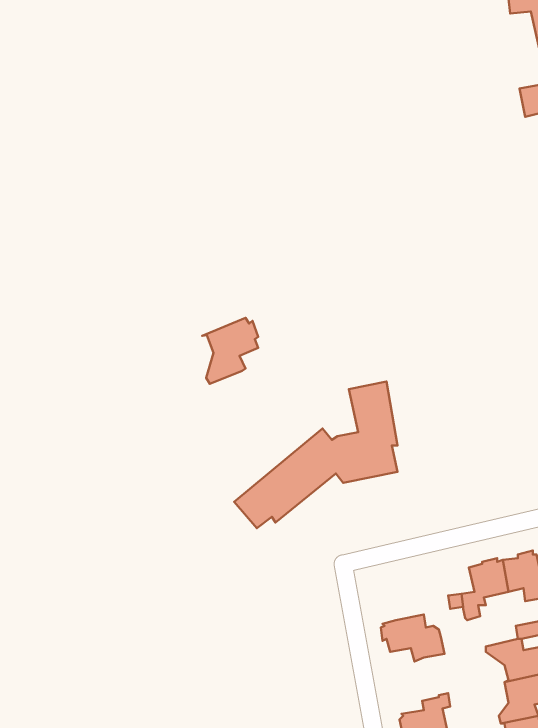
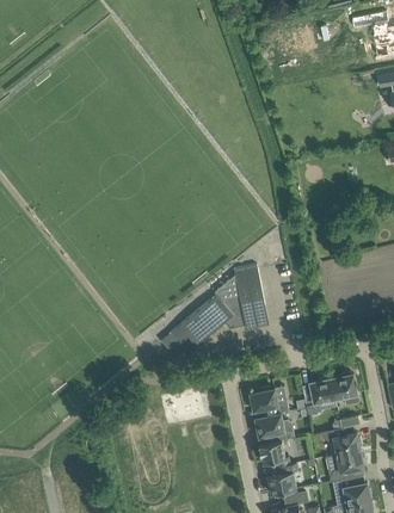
building: [202,318,258,384] -> none
building: none -> [247,387,289,416]
building: none -> [258,440,290,468]

